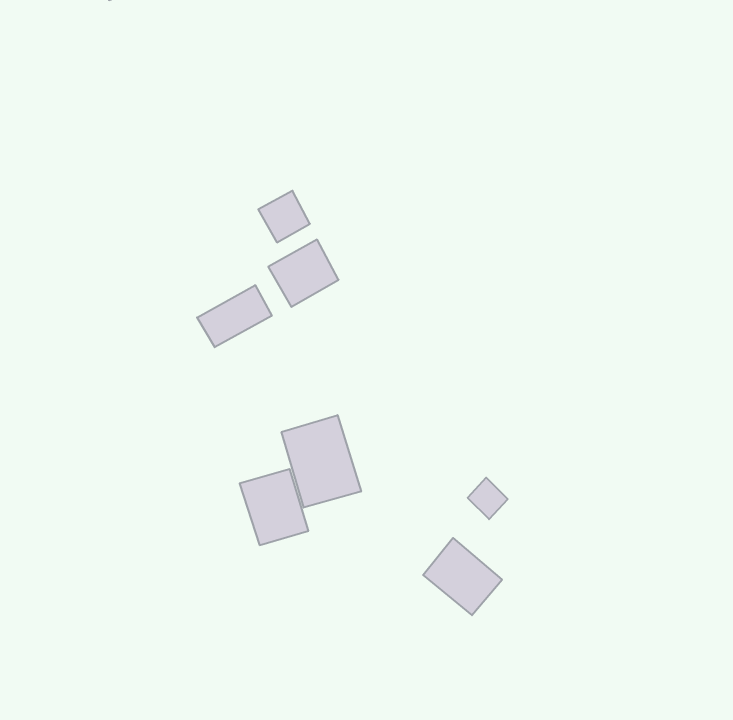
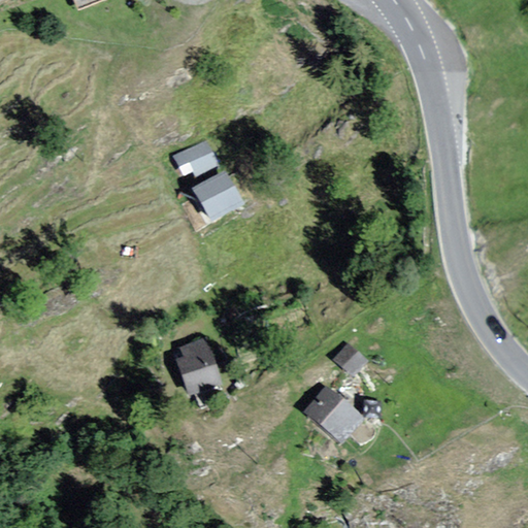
building: [197,285,272,347] -> none
building: [282,415,361,508] -> none

